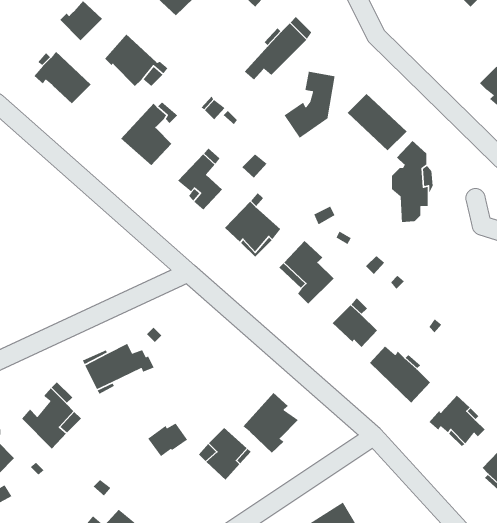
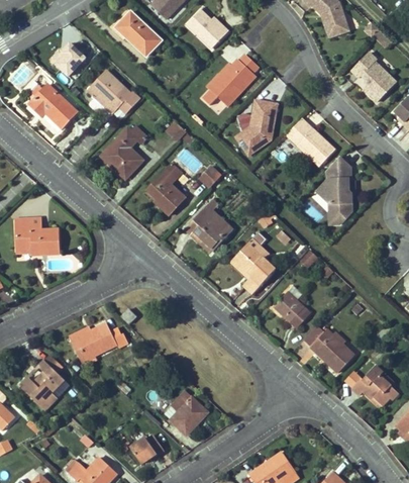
building: none -> [352,53,397,102]
building: none -> [14,217,59,254]
building: [243,392,299,454] -> none
building: [147,422,188,457] -> [130,434,164,463]

